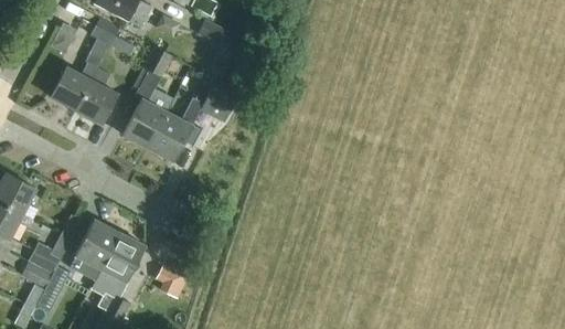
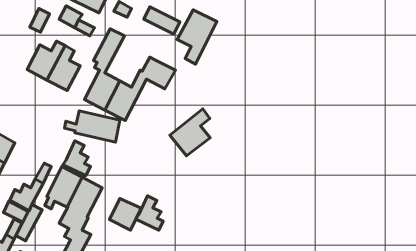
building: none -> [177,10,217,64]
building: none -> [170,109,210,156]
building: none -> [65,111,120,142]
building: none -> [63,141,90,176]
building: none -> [136,196,163,230]

